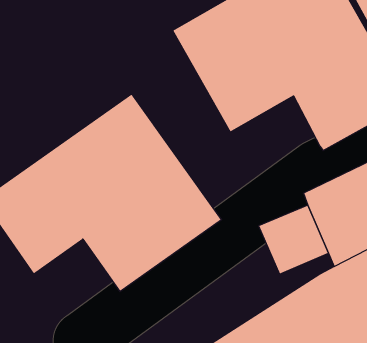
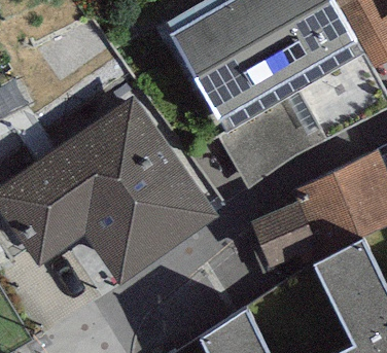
building: none -> [219,98,310,188]

